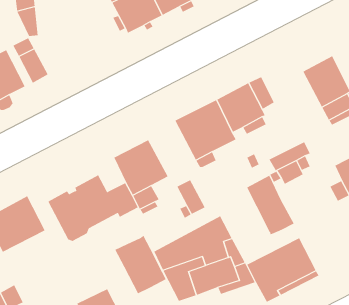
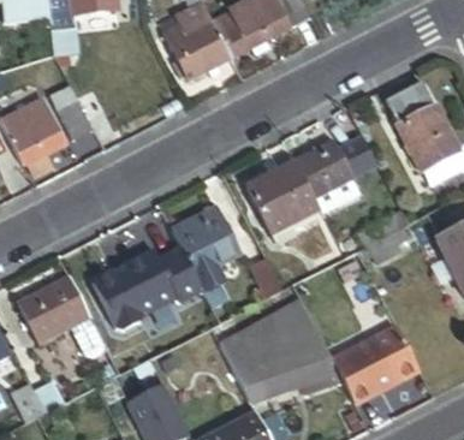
building: none -> [386,81,435,125]
building: [246,175,295,235] -> none
building: [115,235,167,294] -> none

